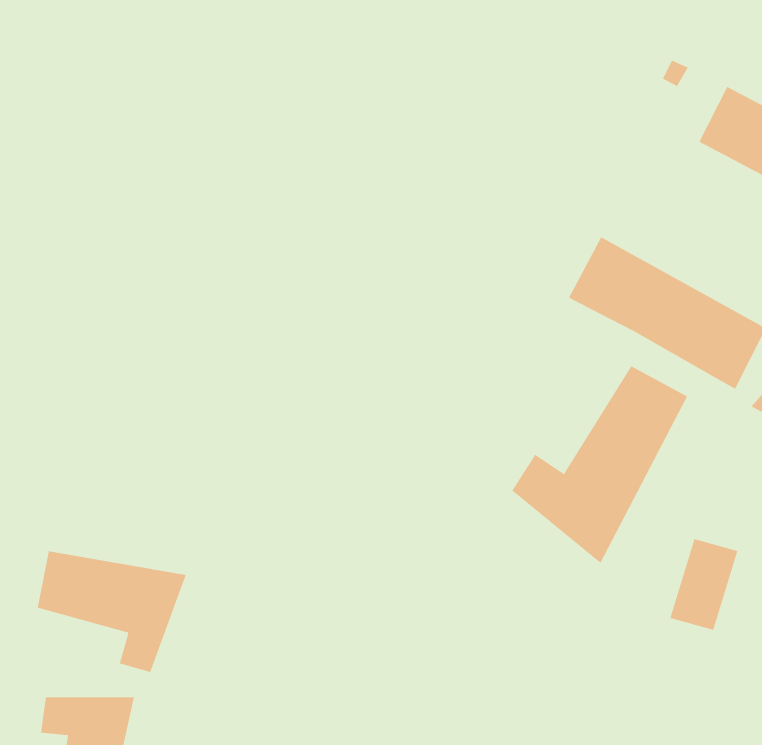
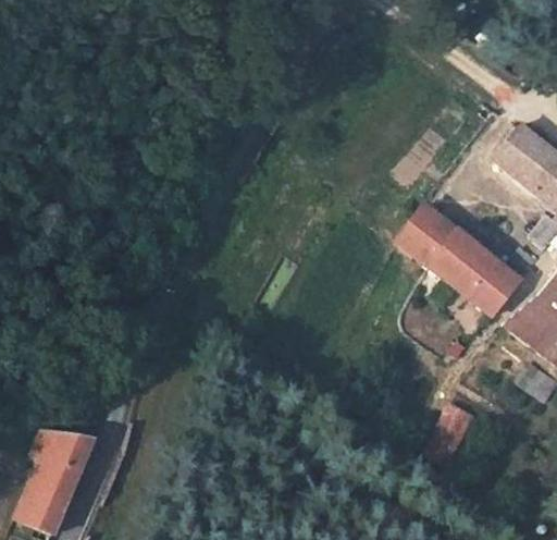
building: [512,365,688,564] -> none
building: [37,550,186,673] -> none

